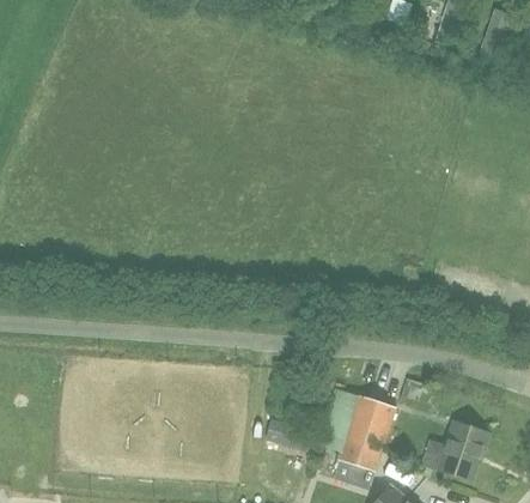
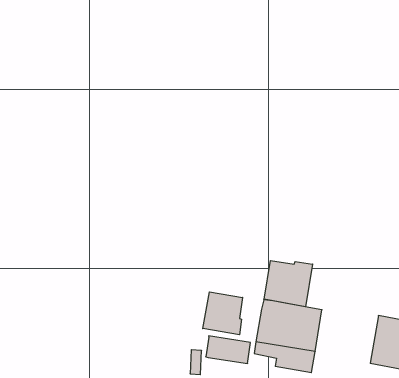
building: none -> [264,261,313,307]
building: none -> [203,292,243,335]

